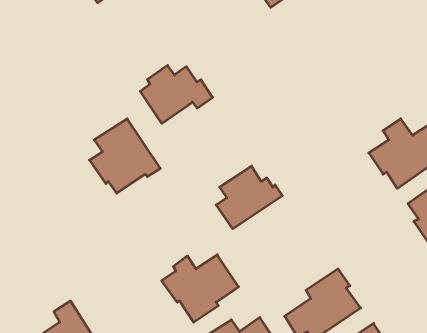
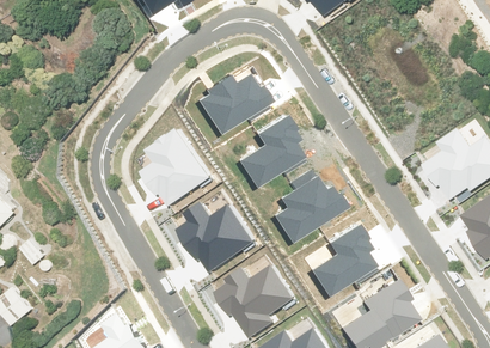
building: none -> [232,117,298,187]
building: none -> [180,203,252,267]
building: none -> [305,227,369,295]

